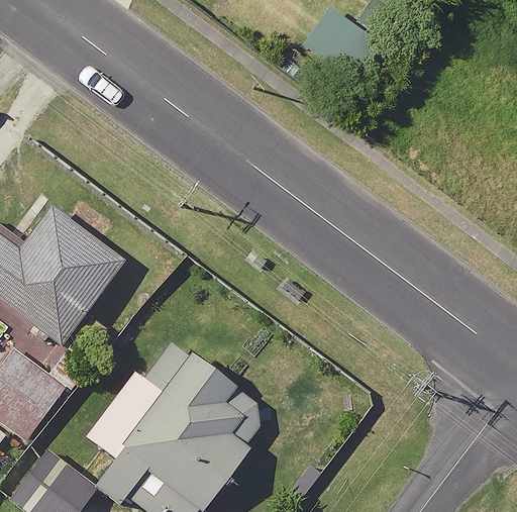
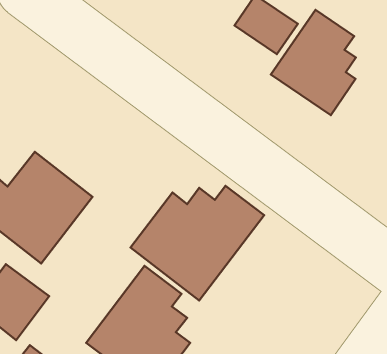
building: none -> [271,10,356,115]
building: none -> [131,186,264,301]

